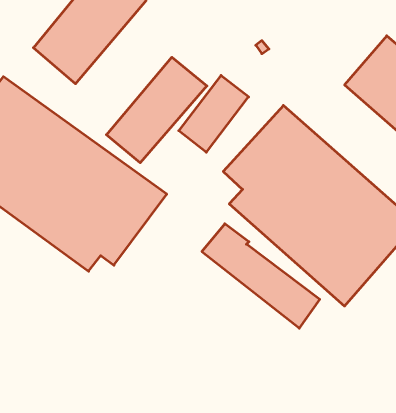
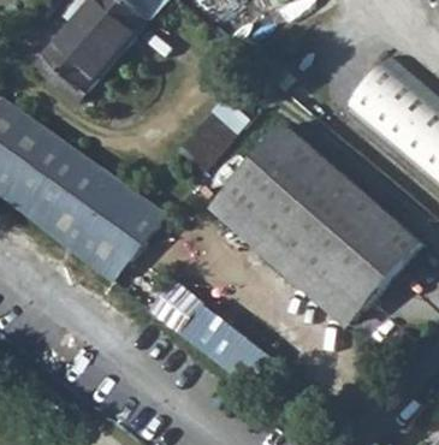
building: [106,57,207,163] -> none
building: [202,224,320,328] -> [152,279,269,384]

